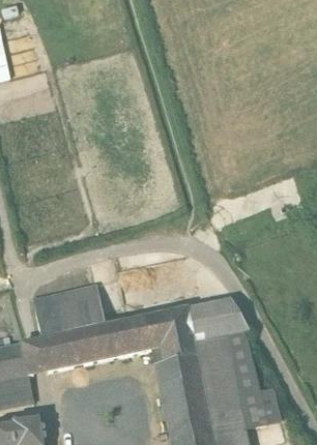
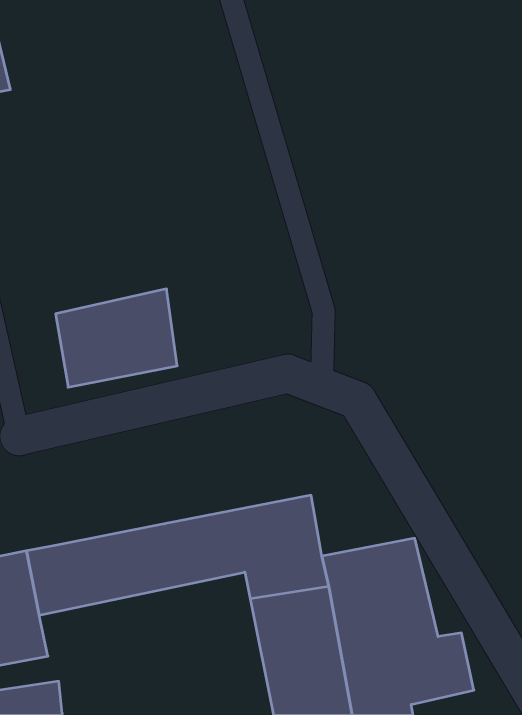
building: [32,281,103,338] -> [56,289,177,387]
building: [188,300,248,345] -> none

